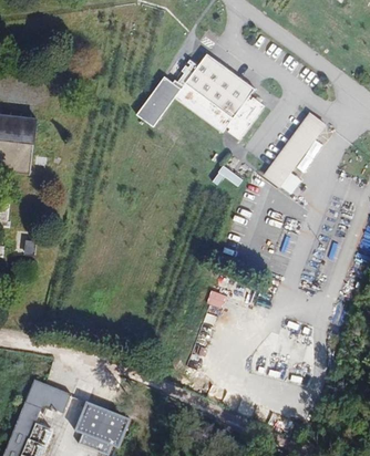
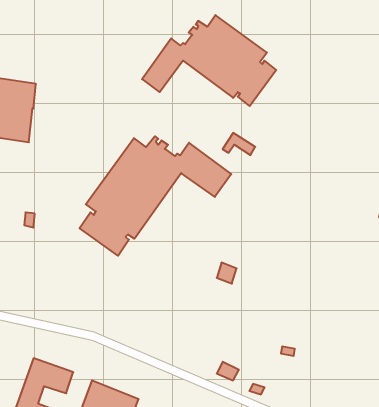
building: [263,111,326,187] -> none
building: none -> [80,136,231,256]

